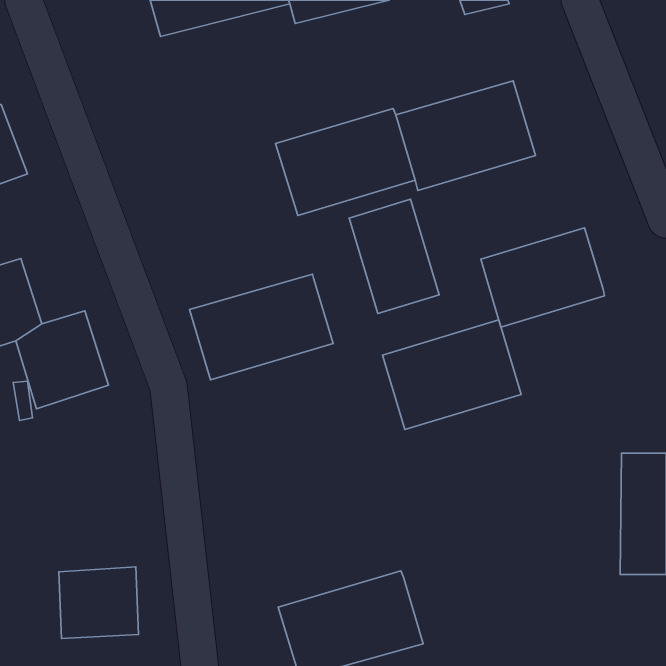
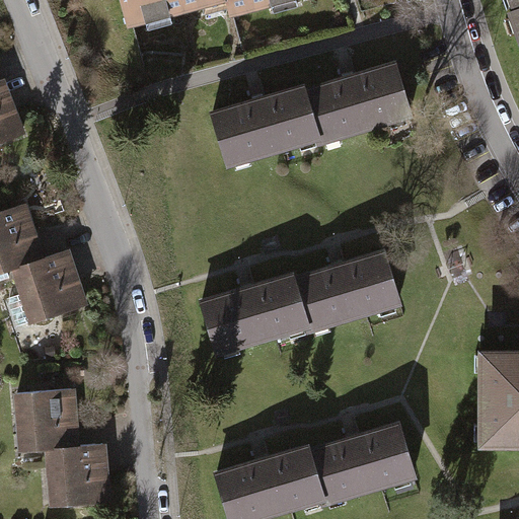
building: [349,199,439,314] -> none
building: [481,228,604,327] -> none
building: [190,274,333,380] -> [201,274,312,356]
building: none -> [9,384,74,446]
building: none -> [313,423,420,508]

